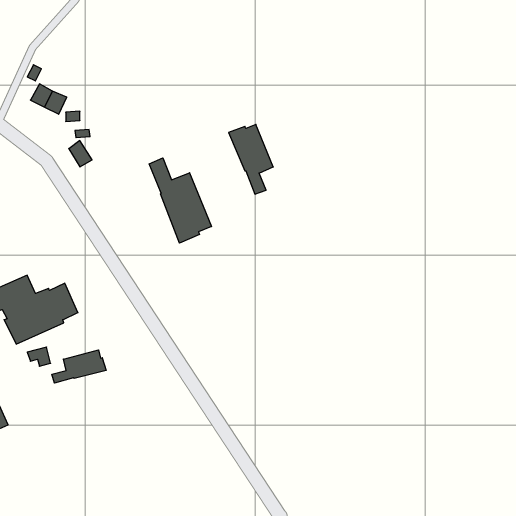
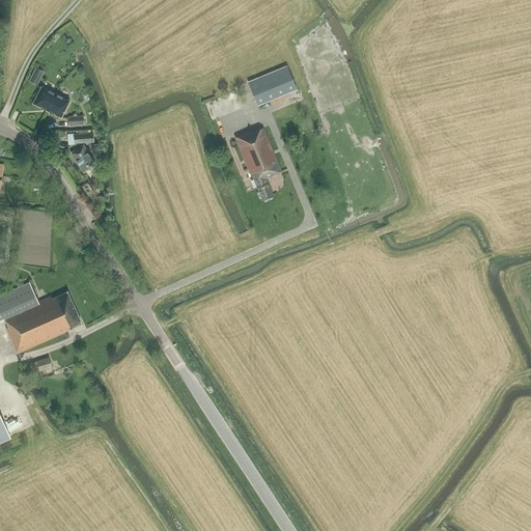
building: none -> [247,65,296,104]
building: [149,158,211,243] -> none
building: [52,350,106,383] -> none

